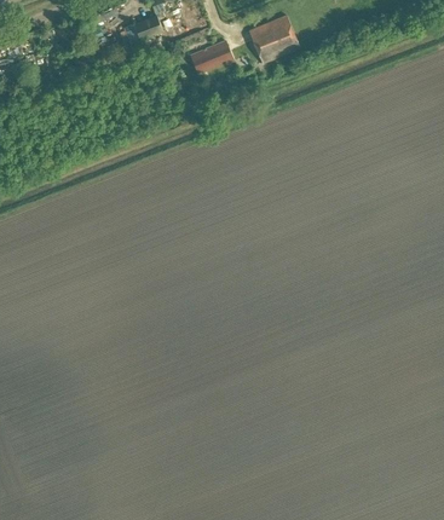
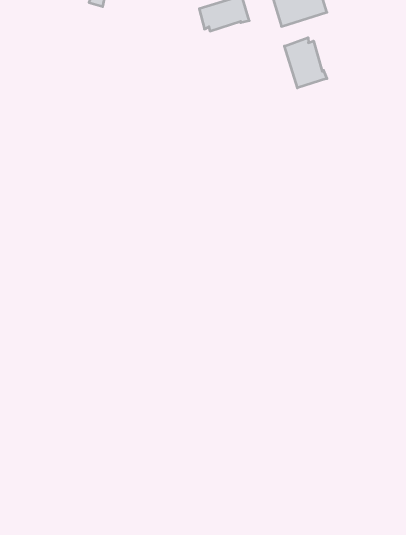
building: none -> [284,38,327,88]

